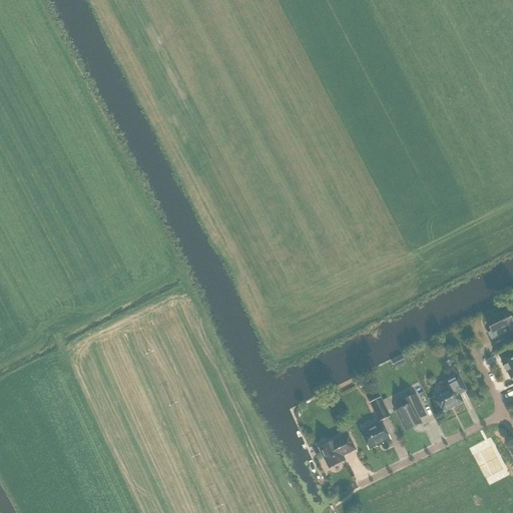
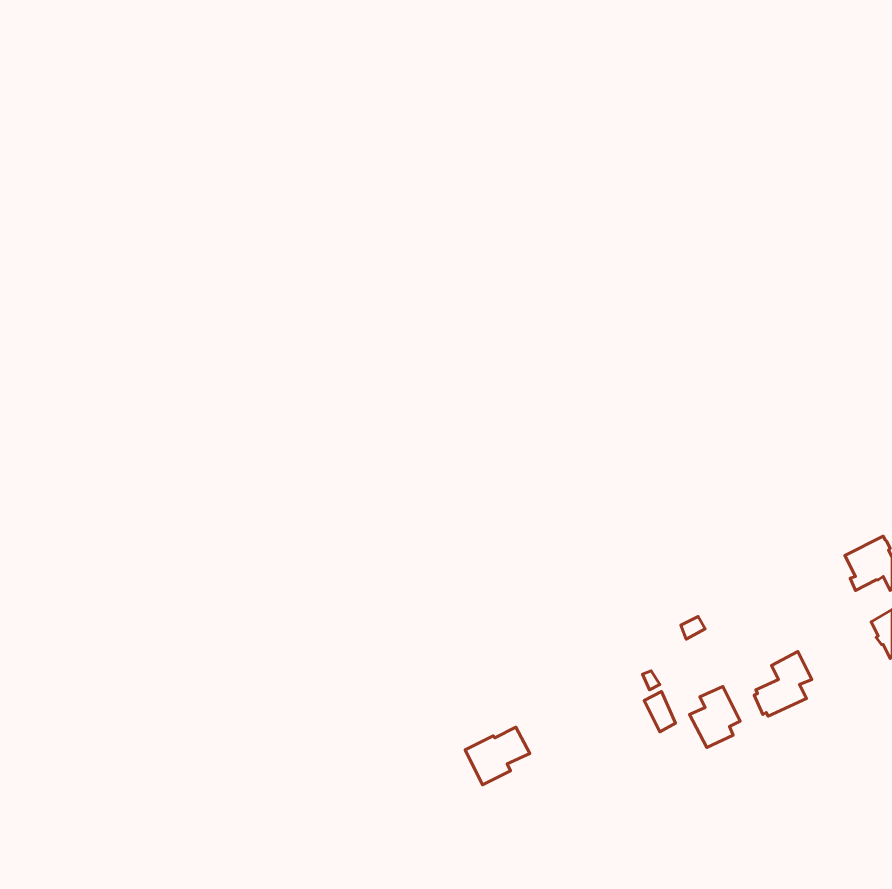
building: [362,423,389,447] -> none
building: [319,434,356,467] -> [465,727,530,785]

